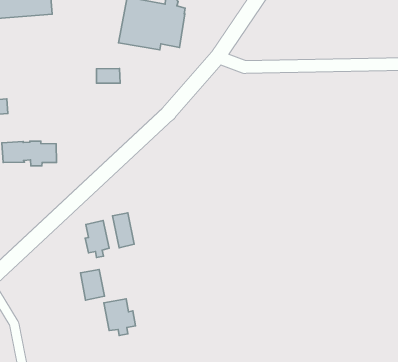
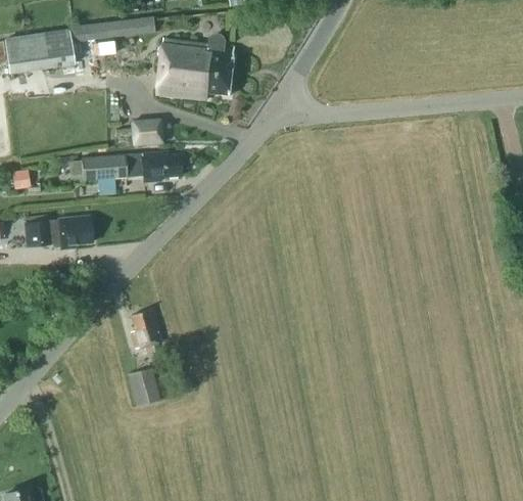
building: none -> [81,151,181,182]
building: [112,213,134,248] -> none
building: [104,299,135,336] -> none

